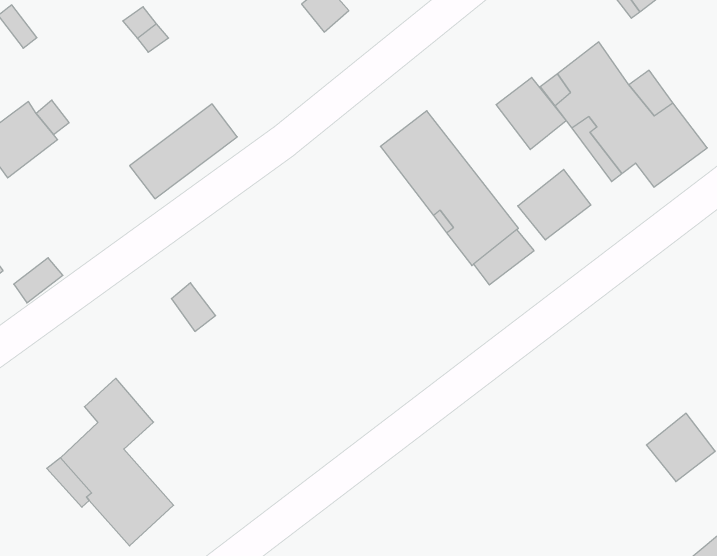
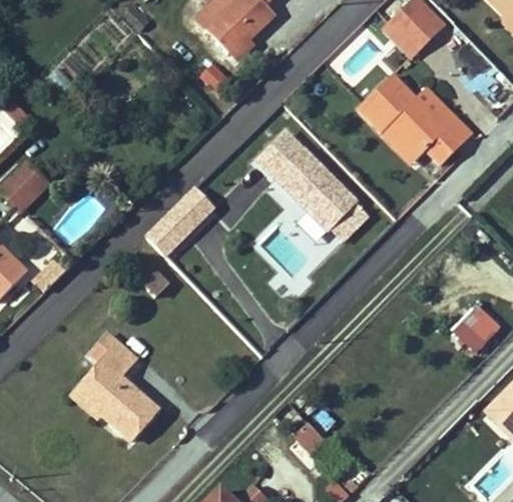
building: [496,77,566,150] -> none
building: [130,104,237,199] -> [146,188,213,255]
building: [518,169,591,240] -> none

